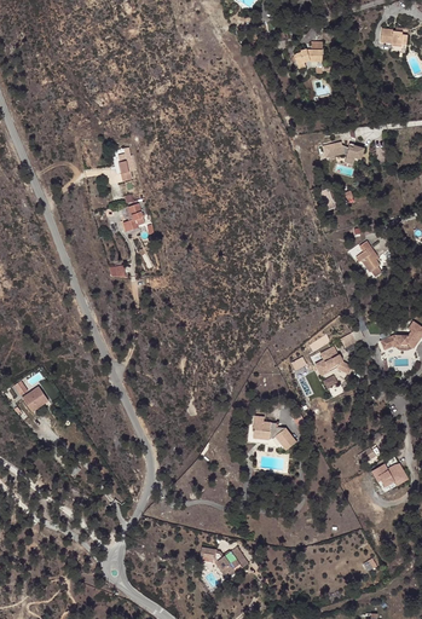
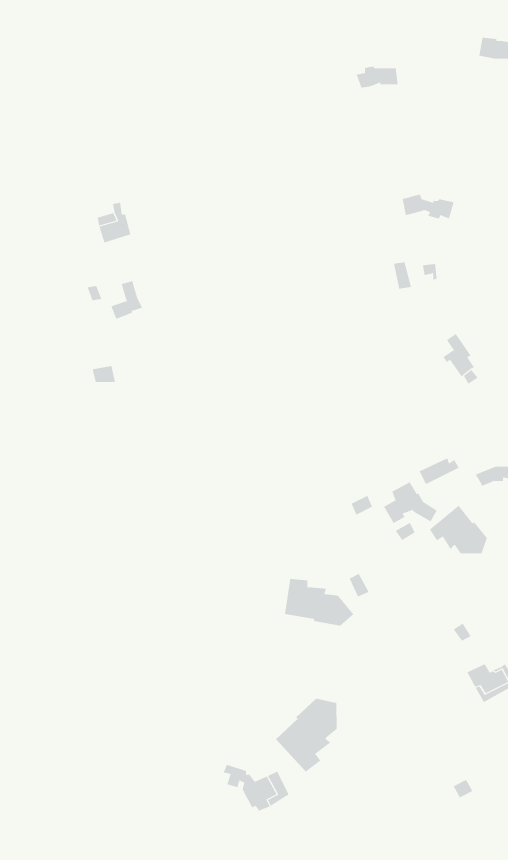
building: none -> [429,505,488,554]
building: none -> [275,698,337,773]

